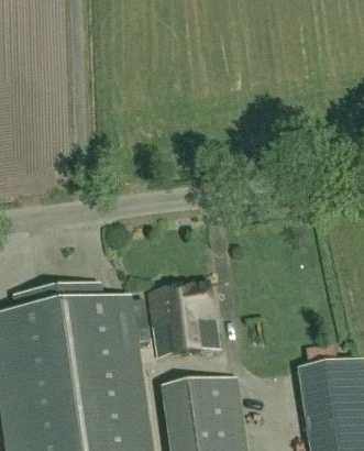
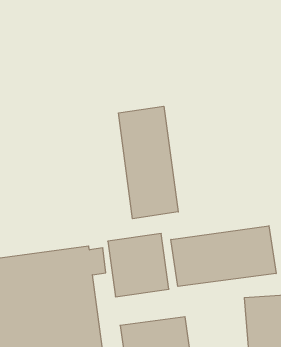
building: none -> [119,106,178,219]
building: none -> [171,226,276,286]

